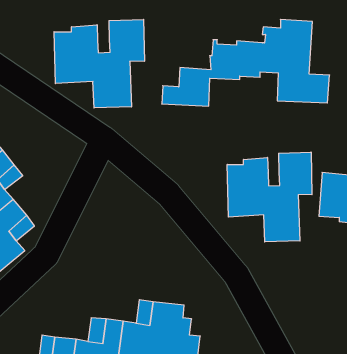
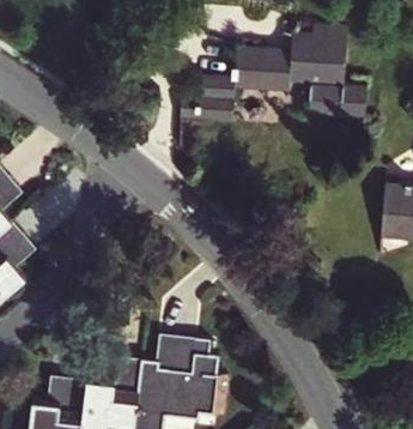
building: [54,19,144,108] -> none
building: [227,152,312,242] -> none

